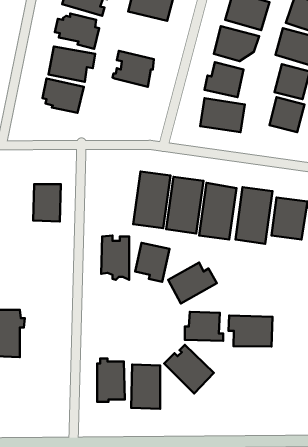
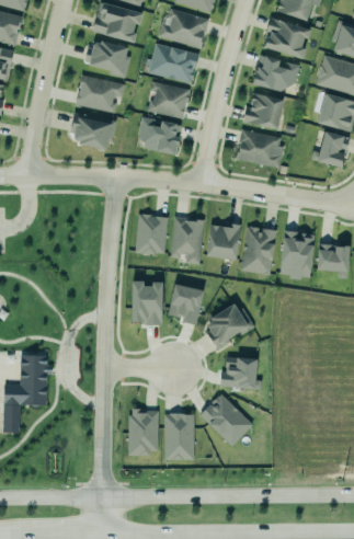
building: none -> [142,38,202,85]
building: none -> [133,117,183,159]
building: [33,184,61,221] -> [134,213,163,252]
building: [228,315,272,346] -> none

